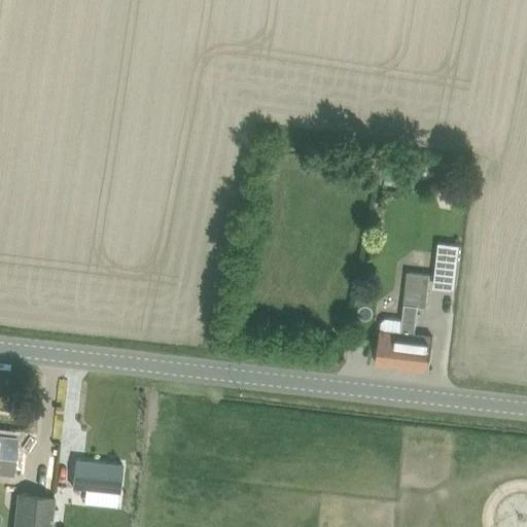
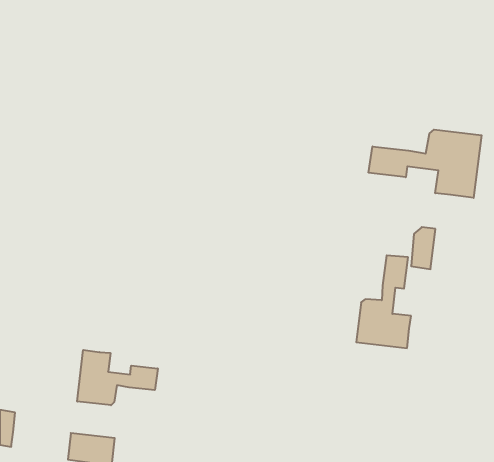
building: none -> [369,130,482,198]
building: none -> [77,350,158,405]

